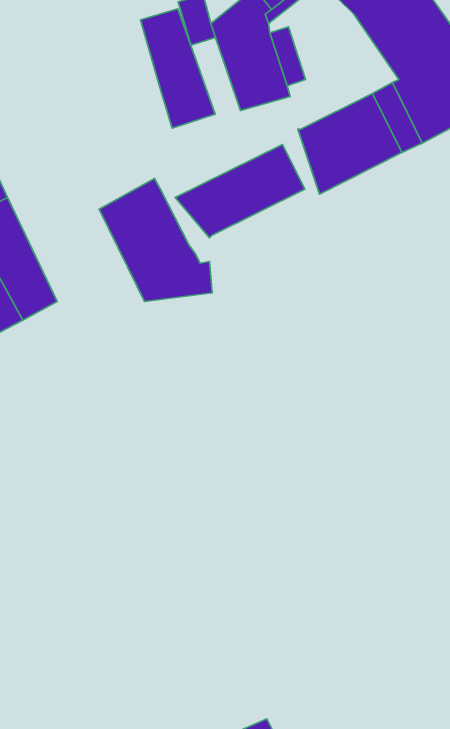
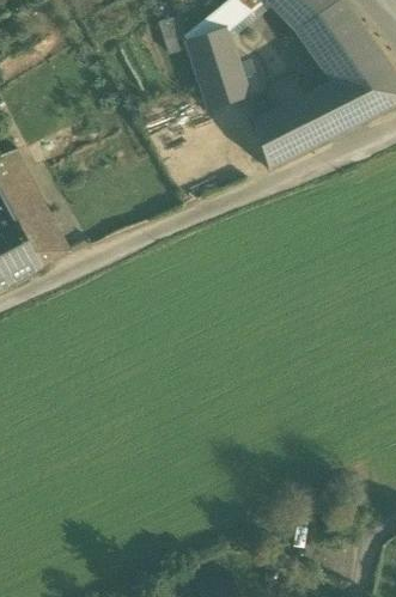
building: [141,9,215,128] -> none
building: [175,144,305,238] -> none
building: [99,179,212,301] -> none

